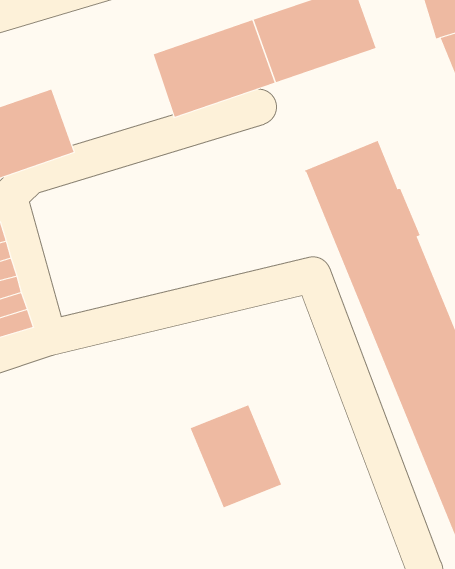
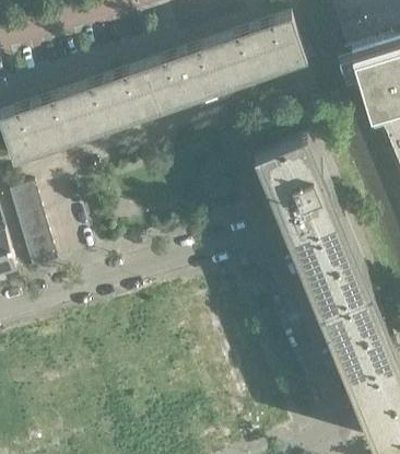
building: none -> [71,65,160,136]
building: [190,404,282,508] -> none

